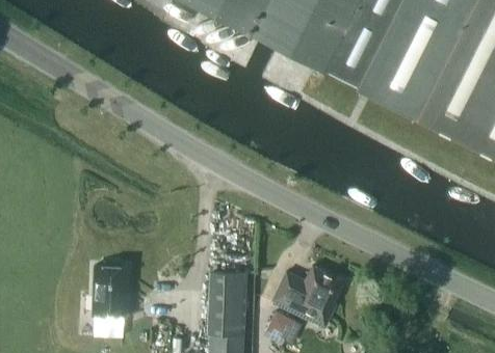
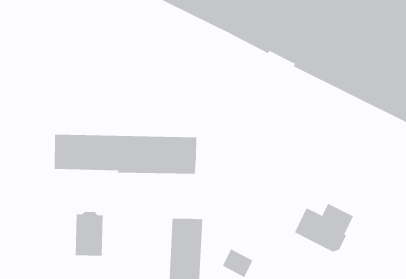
building: none -> [54,134,197,175]
building: [272,266,344,325] -> [294,203,354,252]

